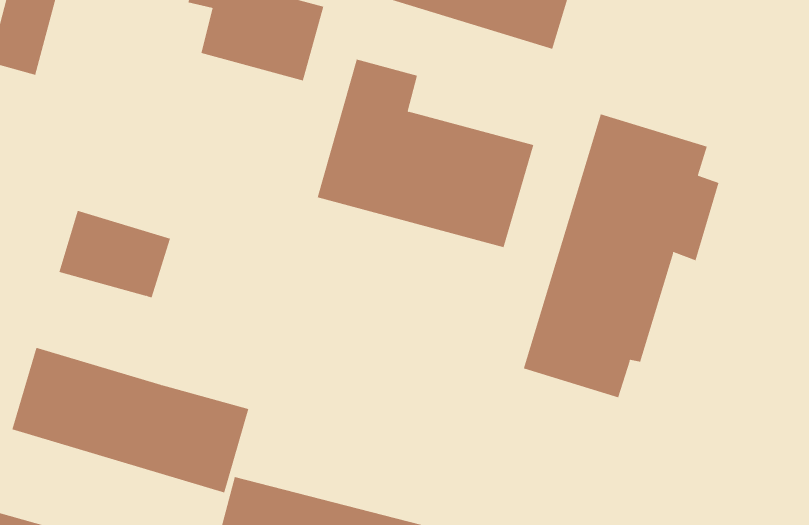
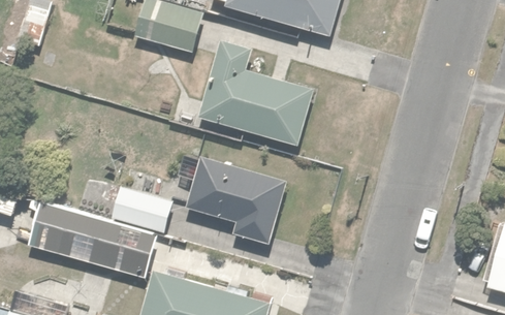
building: [523,113,719,398] -> none
building: [59,210,171,298] -> [112,186,173,234]
building: none -> [183,152,288,246]

